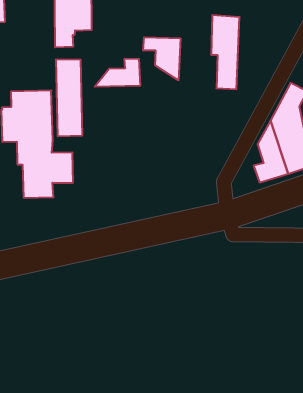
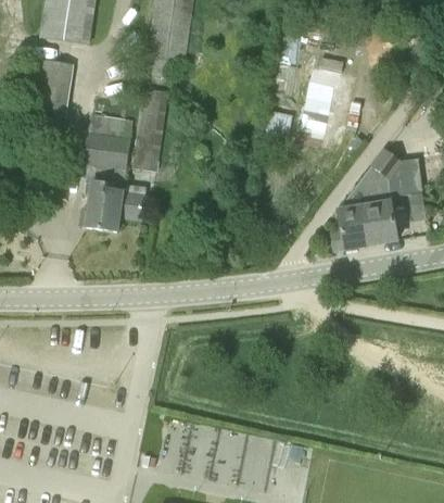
building: [143,37,180,80] -> none
building: [95,59,140,87] -> none

